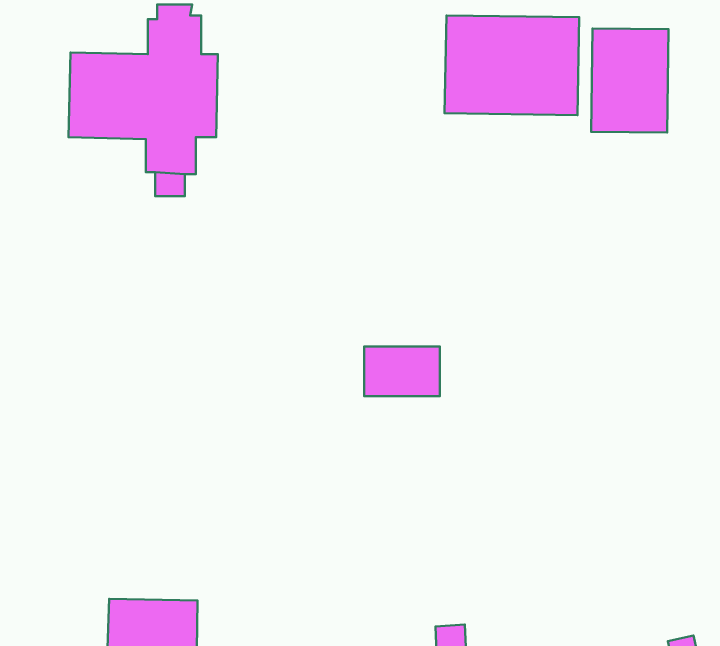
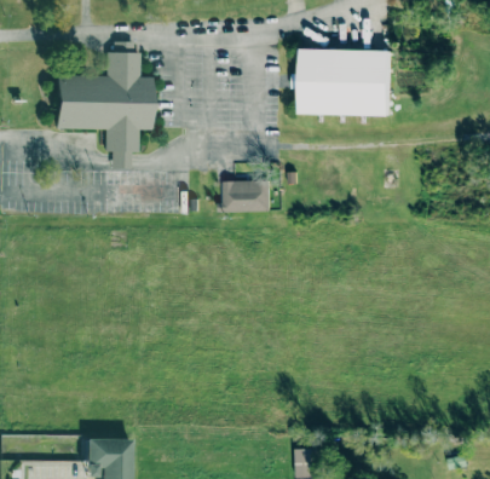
building: [591,28,669,132] -> none
building: [364,346,440,396] -> [220,180,270,213]

